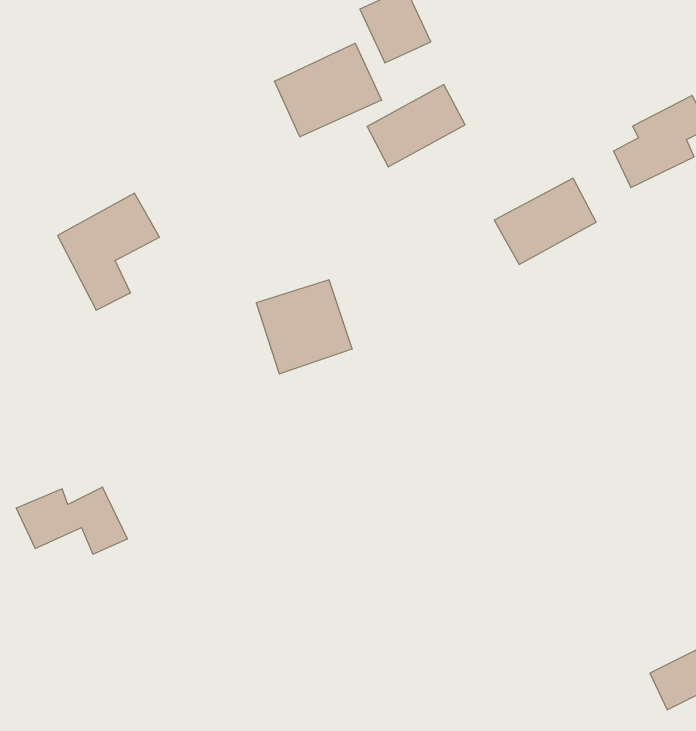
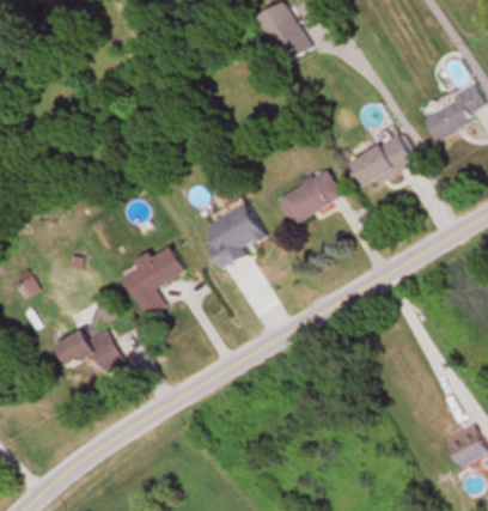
building: [275,43,382,137] -> none
building: [367,84,465,167] -> [280,171,341,223]
building: [58,193,159,310] -> [121,244,184,317]

